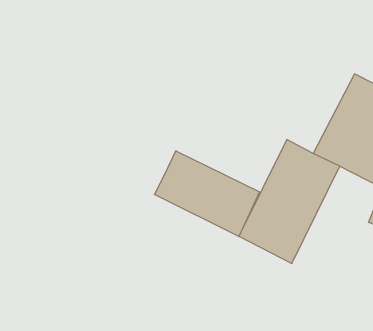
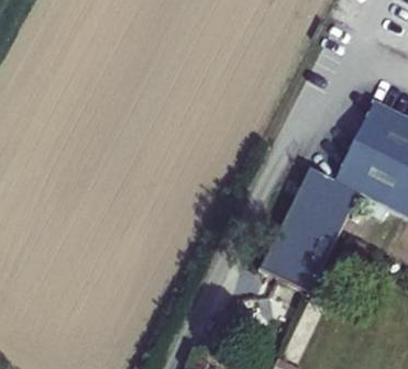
building: [154,151,260,237] -> none

